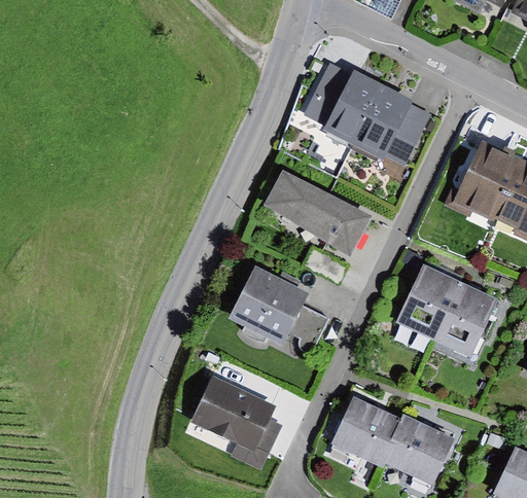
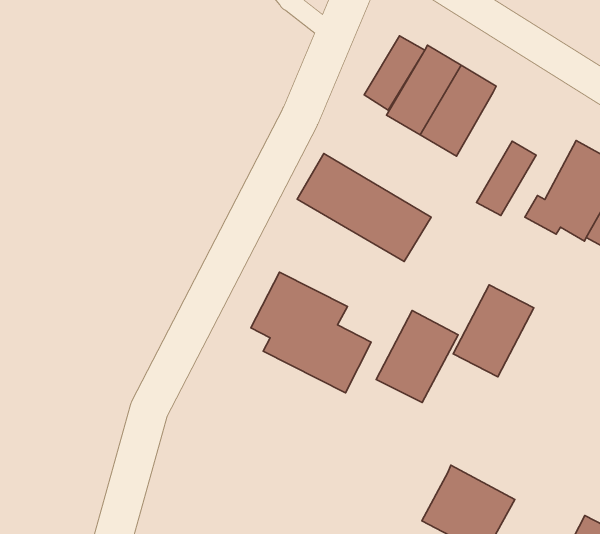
building: [388,106,434,168] -> [477,141,536,216]
building: [433,281,498,356] -> [376,310,458,403]
building: [187,374,282,468] -> none
building: [327,399,397,468] -> none

